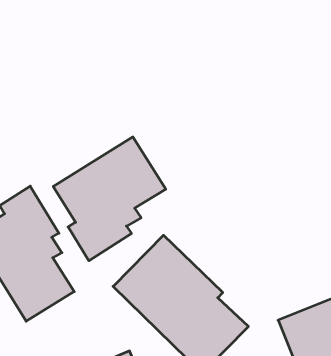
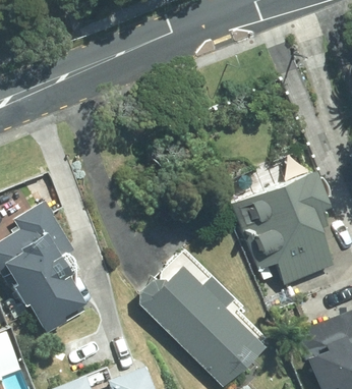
building: [53,137,166,261] -> none
building: none -> [231,172,332,288]

